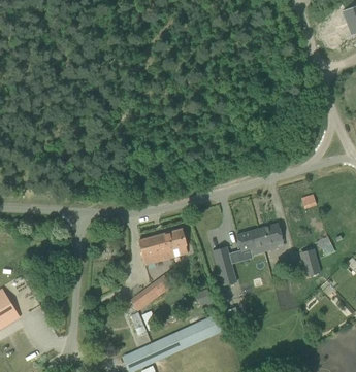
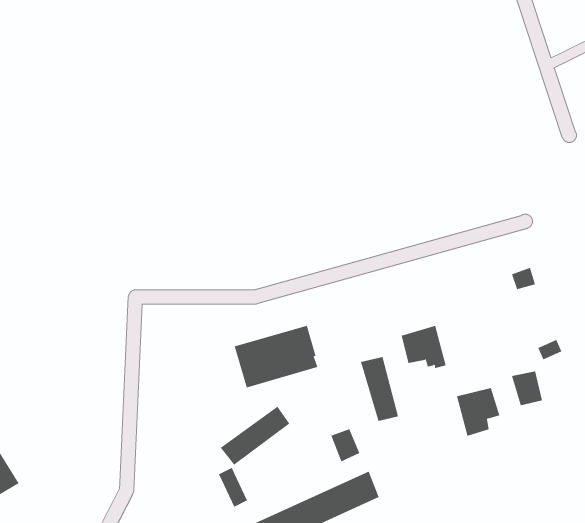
building: [257,223,283,251] -> [456,387,500,437]

